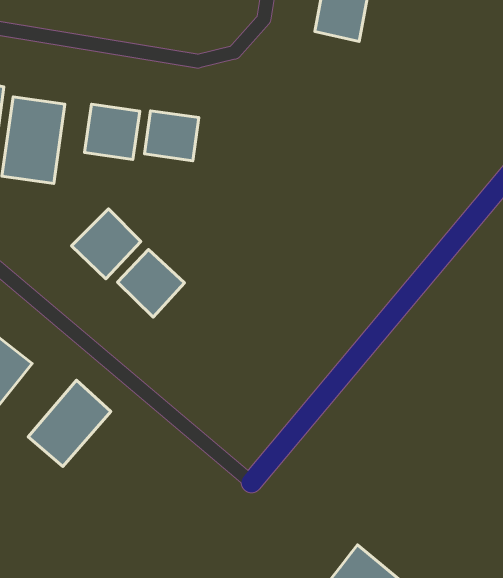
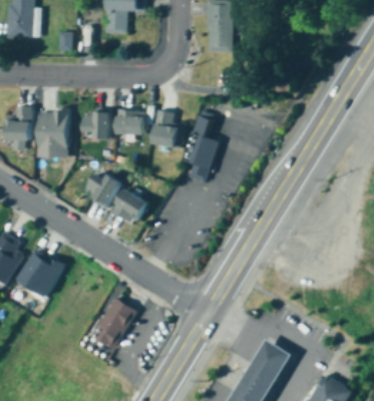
building: none -> [151,110,183,148]
building: none -> [183,111,217,182]
building: [28,380,111,466] -> [92,299,137,349]

